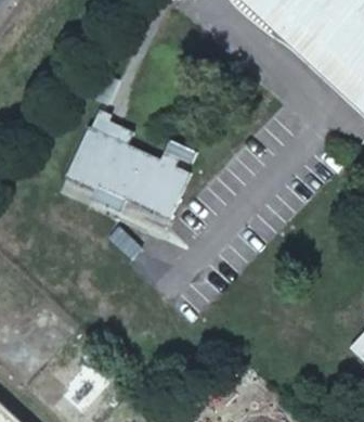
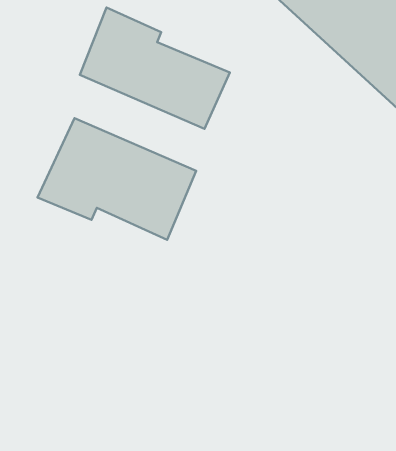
building: none -> [80,7,230,129]

